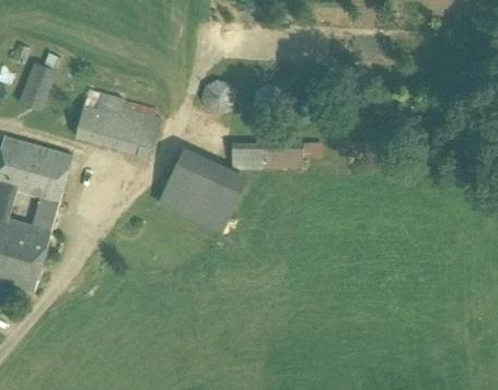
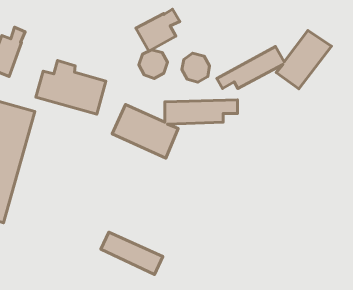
building: none -> [136,9,180,51]
building: none -> [217,30,331,89]
building: [158,181,233,233] -> [101,232,163,274]

